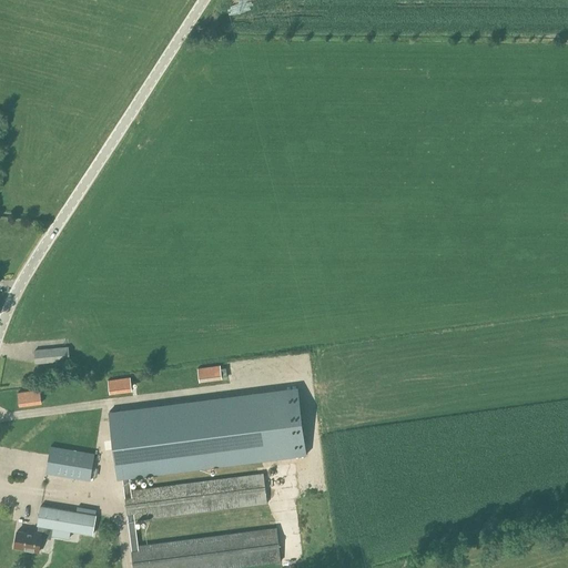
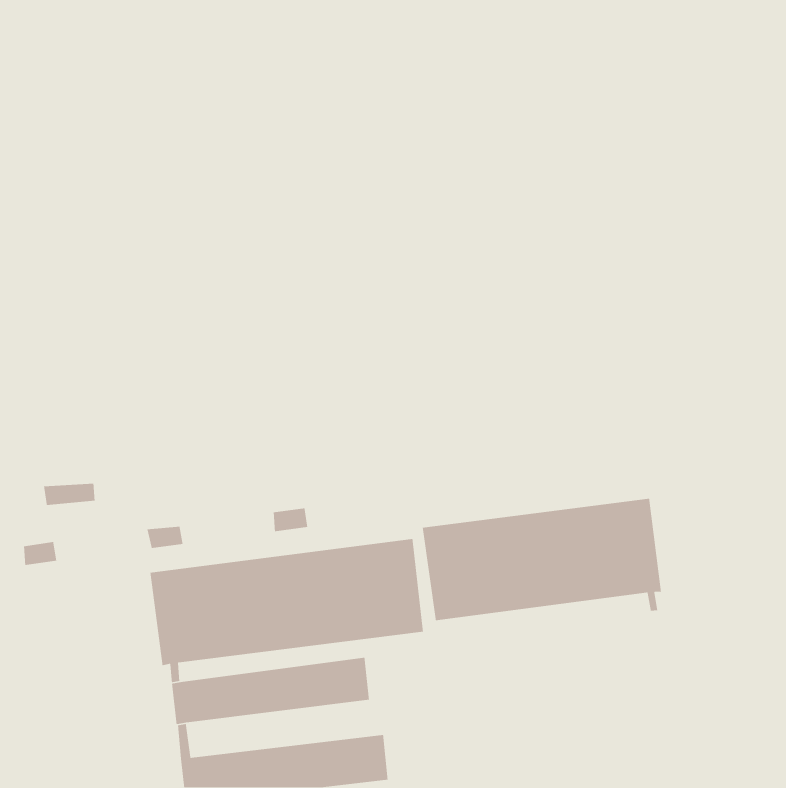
building: none -> [422,498,662,621]
building: [44,446,94,481] -> none
building: [13,505,95,552] -> none

